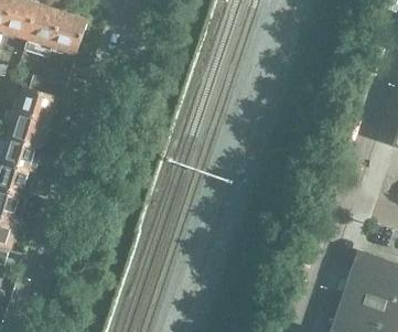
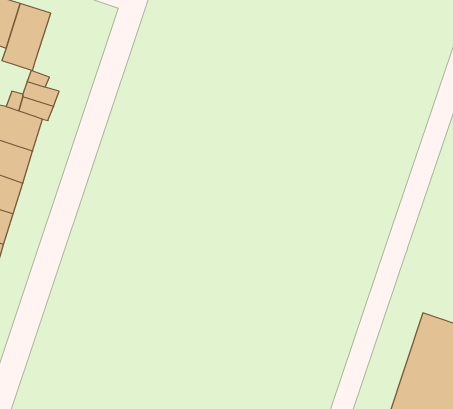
building: [50,12,85,53] -> none

